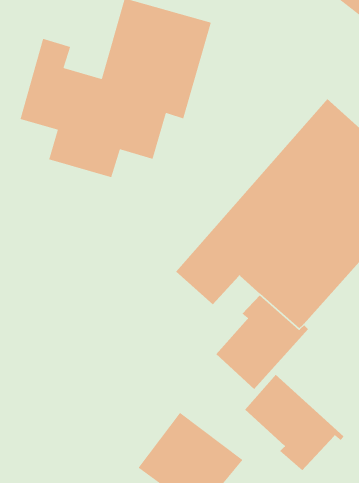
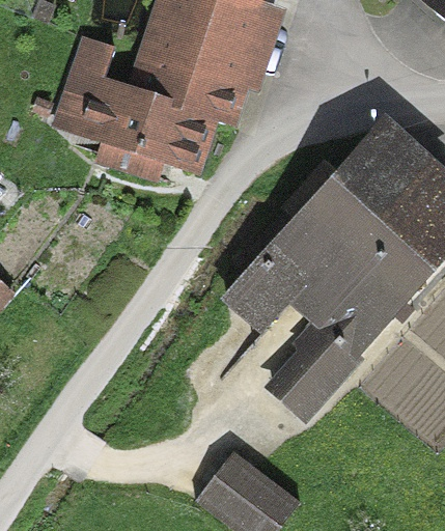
building: [244,374,345,471] -> none

